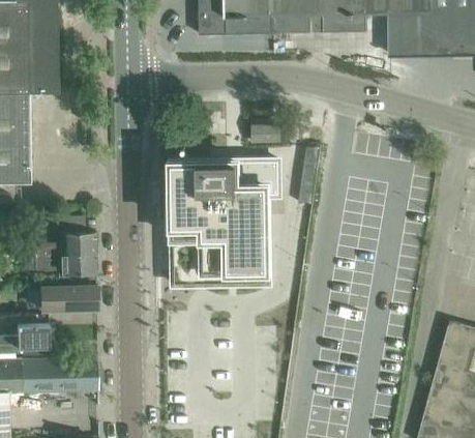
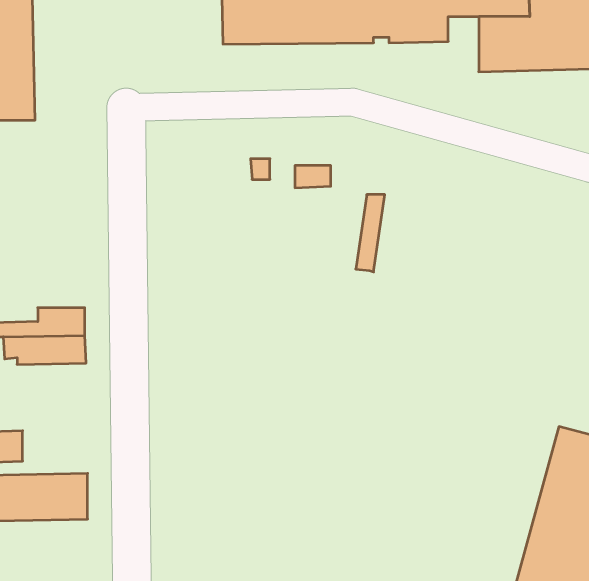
building: [172,159,279,284] -> none
building: [40,285,97,310] -> none

